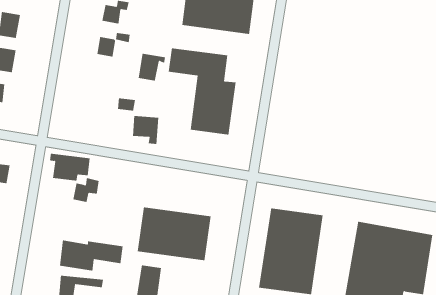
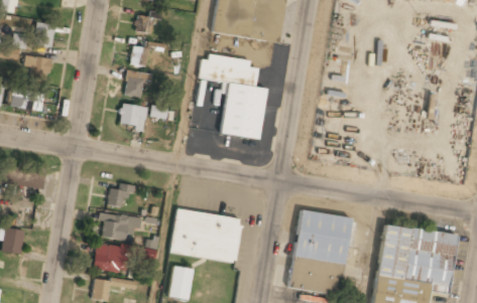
building: [138,53,166,81] -> [124,68,151,96]
building: [132,115,159,145] -> [120,103,146,131]
building: [49,153,91,181] -> [99,211,139,239]

